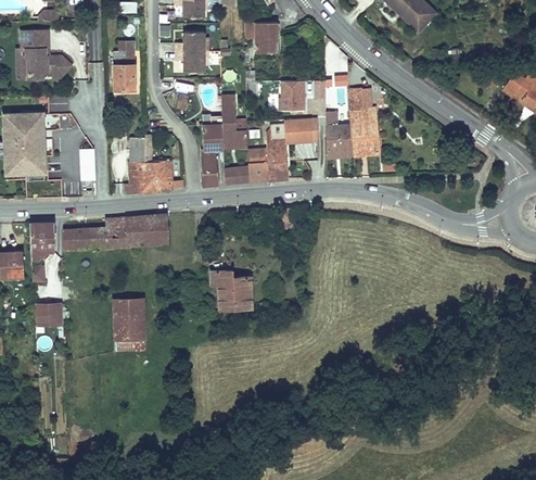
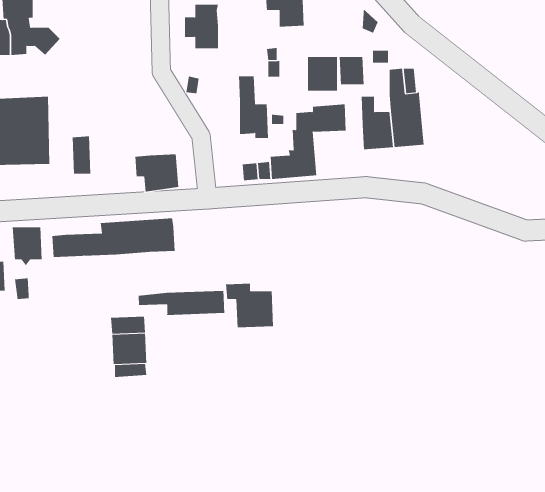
building: [114,42,135,91] -> none
building: [203,117,222,187] -> none
building: [128,138,146,195] -> none
building: none -> [138,290,225,316]
building: [35,304,64,326] -> none

